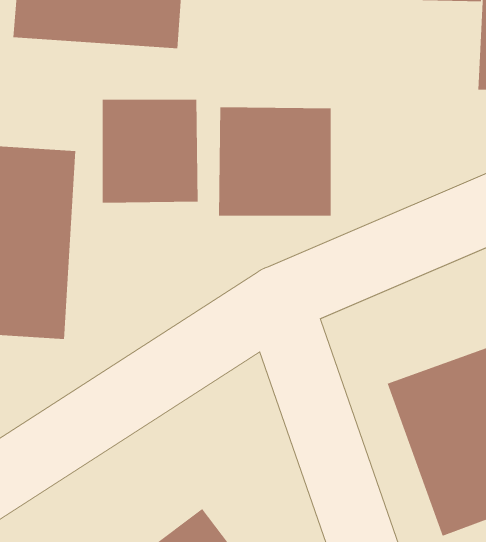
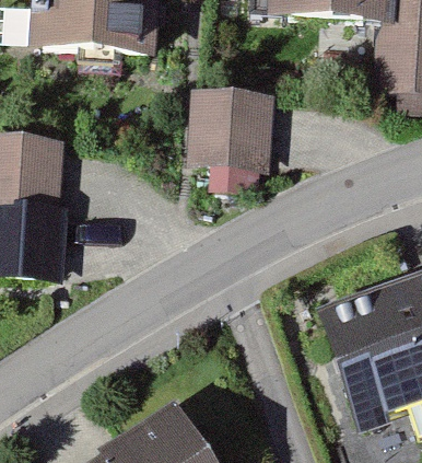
building: [102,99,198,203] -> none

